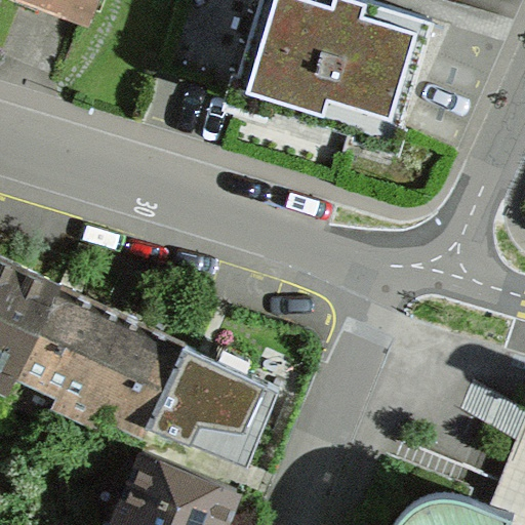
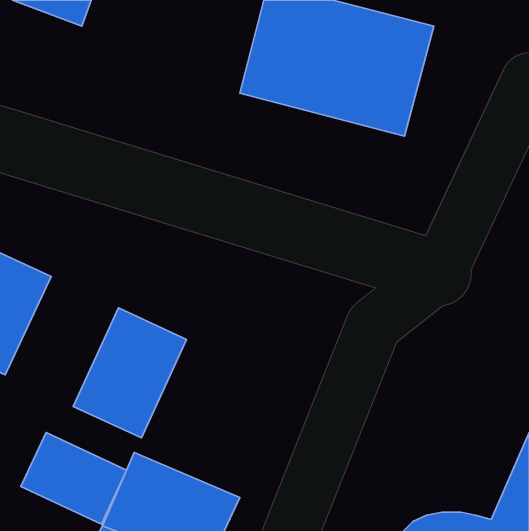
building: [5,275,116,402] -> none
building: [138,336,282,478] -> none
building: none -> [21,432,127,524]

